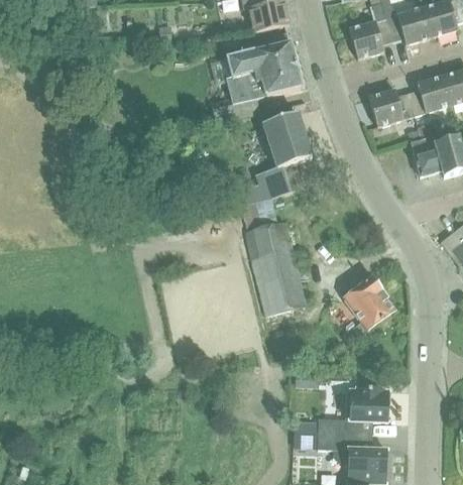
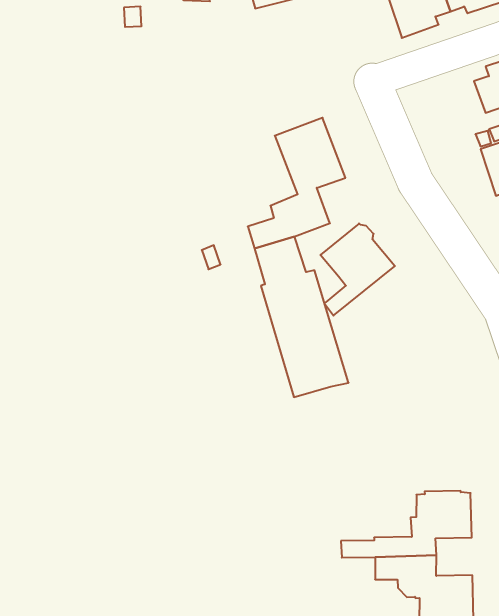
building: [212,32,302,121] -> none
building: [370,89,416,126] -> none
building: [343,276,396,342] -> [320,223,395,316]

